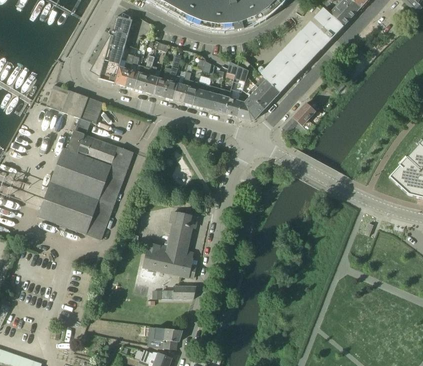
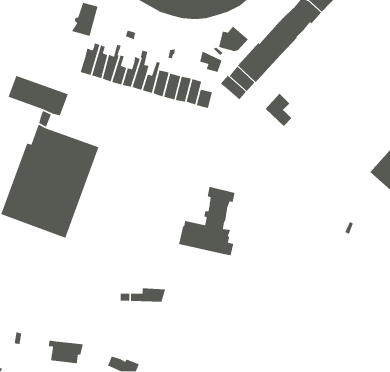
building: [91,43,124,82] -> none
building: [236,95,265,120] -> [218,25,249,52]
building: [143,211,197,277] -> [178,186,235,256]
building: [148,326,182,349] -> [48,340,84,364]

